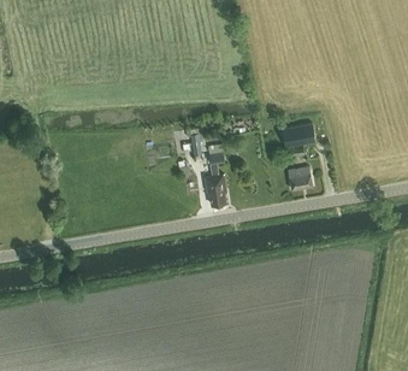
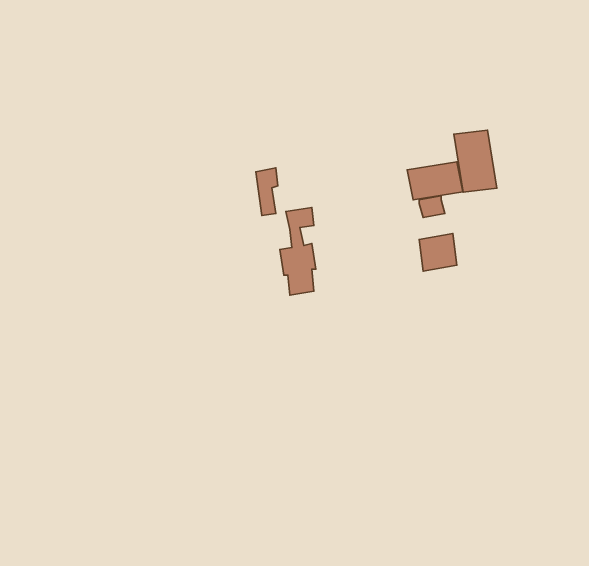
building: none -> [454,130,497,192]

